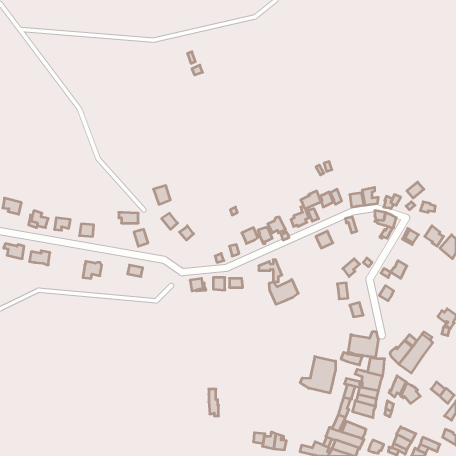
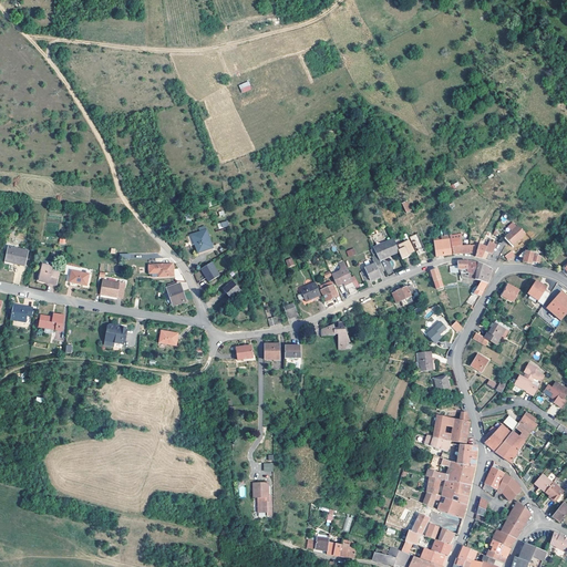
building: [269,279,298,304] -> none
building: none -> [515,363,545,396]
building: [300,356,336,393] -> none
building: none -> [502,502,530,538]

